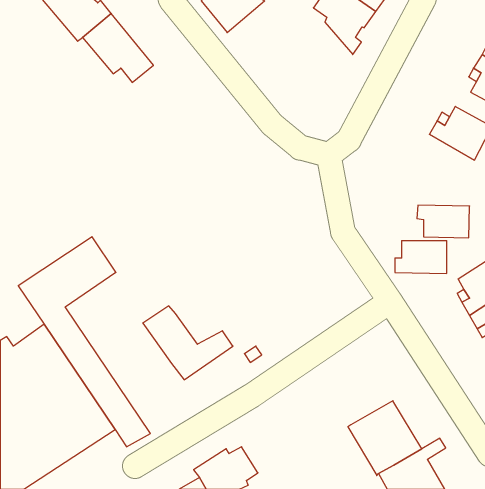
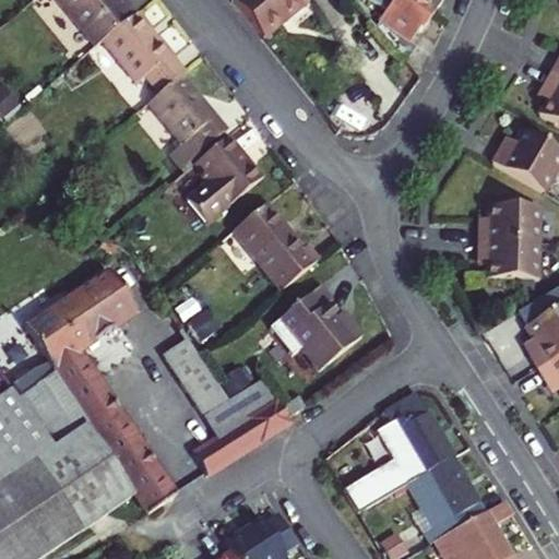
building: none -> [146,74,222,168]
building: none -> [183,138,255,223]
building: none -> [231,205,318,293]
building: [395,241,447,273] -> [481,198,540,235]
building: none -> [276,296,357,371]
building: none -> [344,392,453,511]
building: none -> [190,394,288,475]

